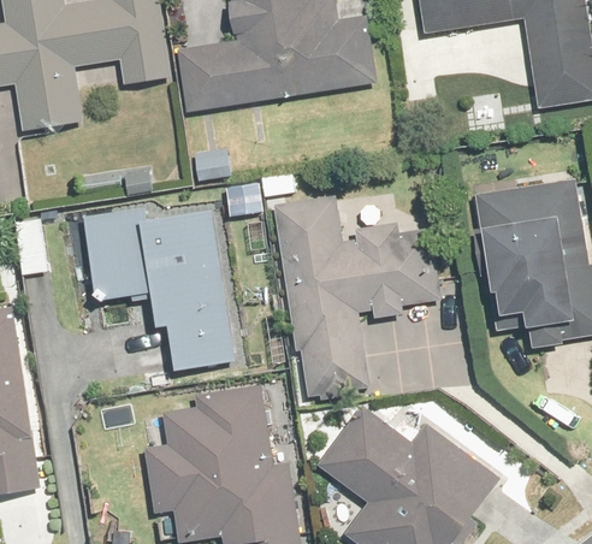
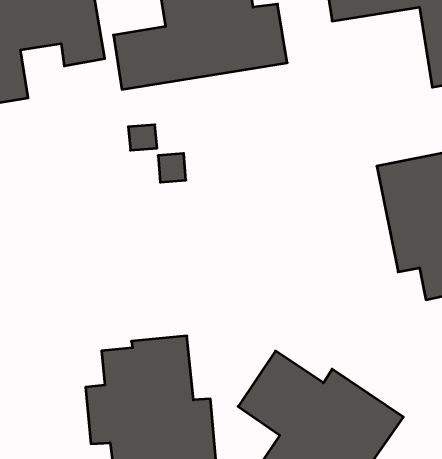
building: [273,197,428,398] -> none
building: [84,207,235,369] -> none

